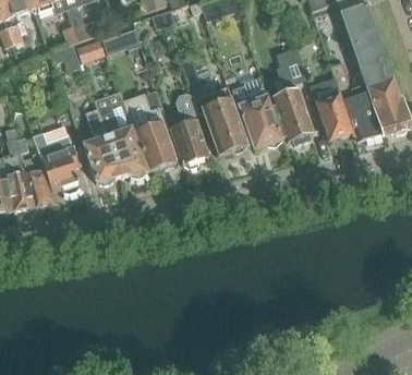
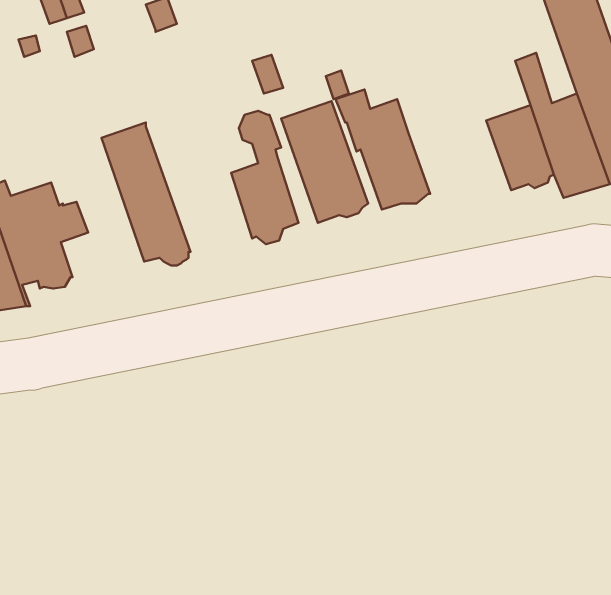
building: [270,48,315,145] -> none
building: [122,89,177,173] -> none
building: [83,108,121,186] -> none

